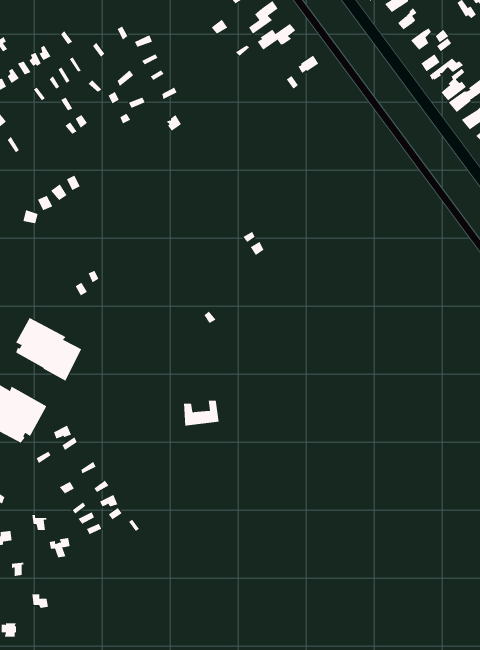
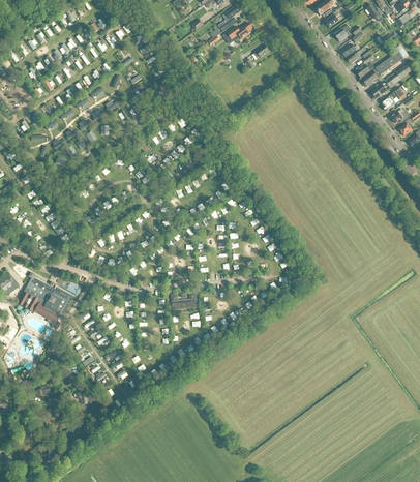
building: [15,317,82,381] -> none

